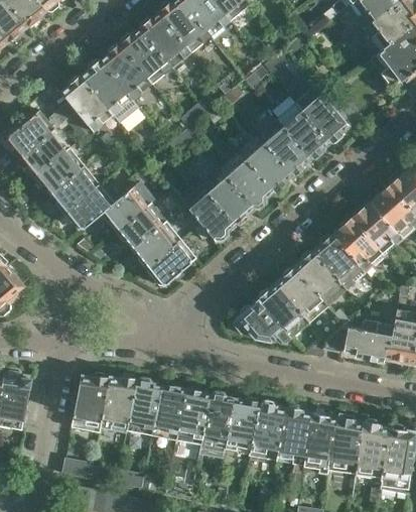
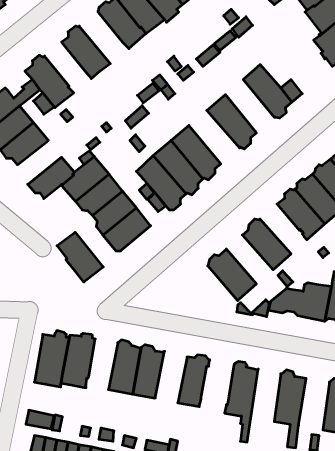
building: [120,28,173,84] -> none
building: [83,59,138,122] -> none
building: [277,101,329,159] -> none
building: [238,134,292,191] -> none
building: [53,166,101,214] -> none
building: [314,235,362,288] -> none
building: none -> [57,232,103,282]
building: [278,267,328,321] -> none
building: [232,301,290,343] -> none
building: [127,376,161,468] -> none
building: [201,390,236,449] -> none
building: [249,399,286,489] -> none
building: [304,409,336,469] -> none
building: [356,417,389,478] -> none

